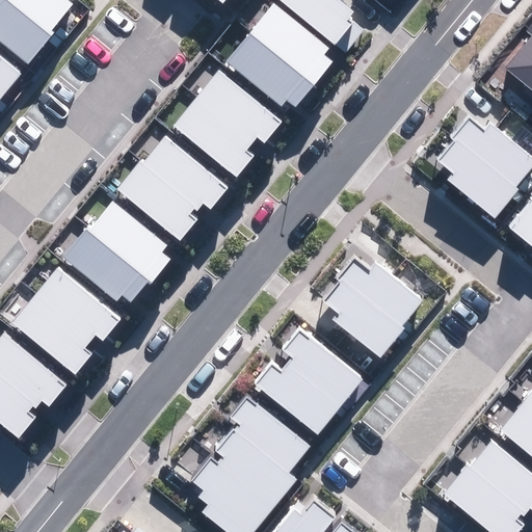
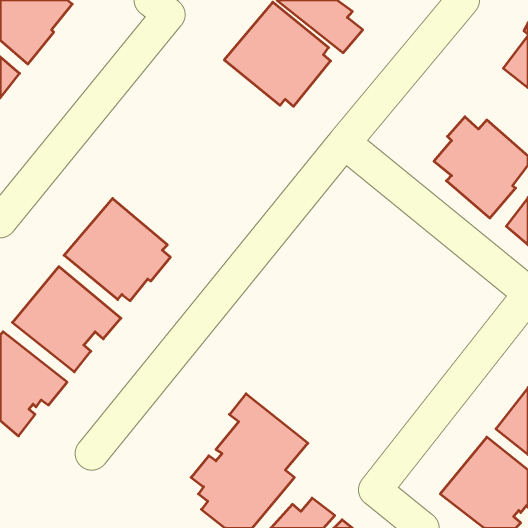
building: [175,70,283,177] -> none
building: [116,134,230,239] -> none
building: [323,256,422,358] -> none
building: [255,327,364,434] -> none

